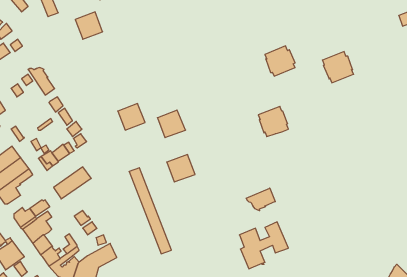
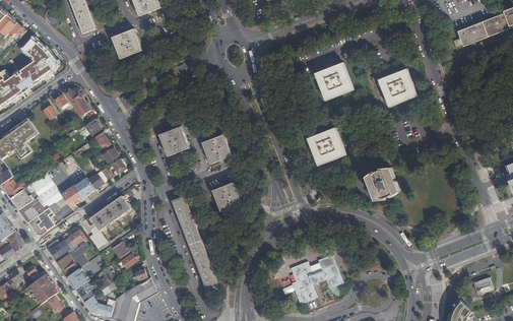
building: none -> [368,168,396,201]
building: [246,188,275,211] -> none

